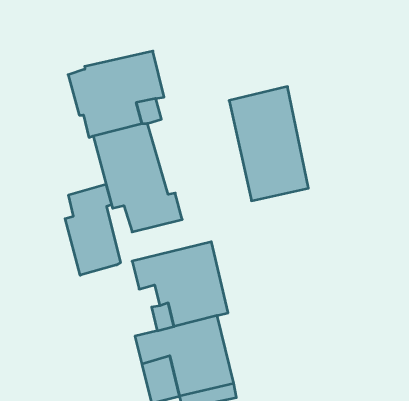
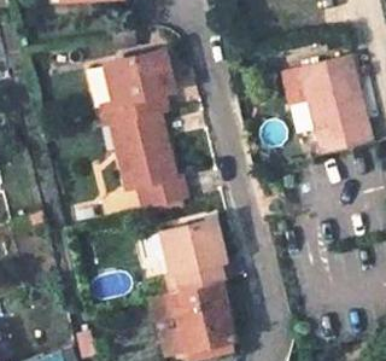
building: [229,87,308,201] -> [300,54,369,153]
building: [65,184,120,275] -> none

